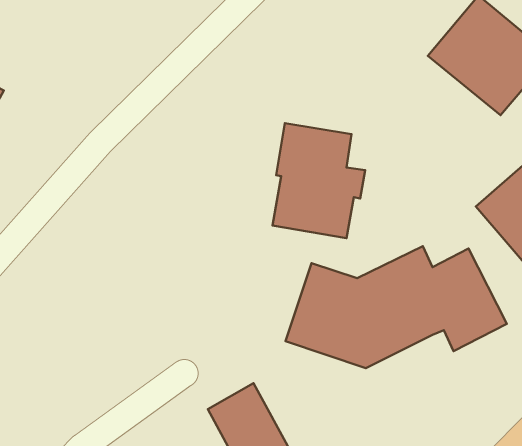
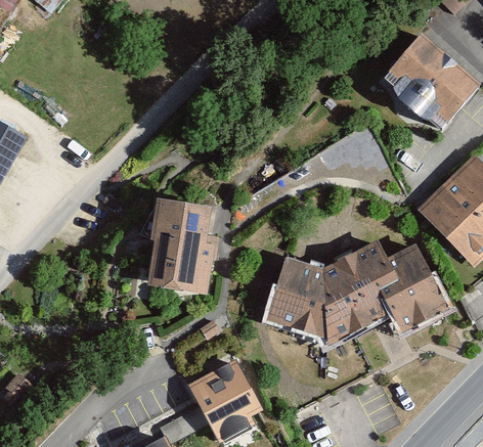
building: [272,123,365,238] -> [144,200,221,296]

